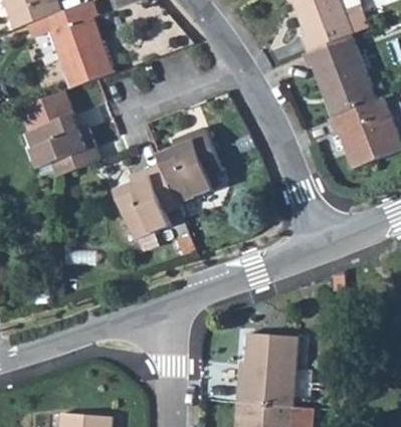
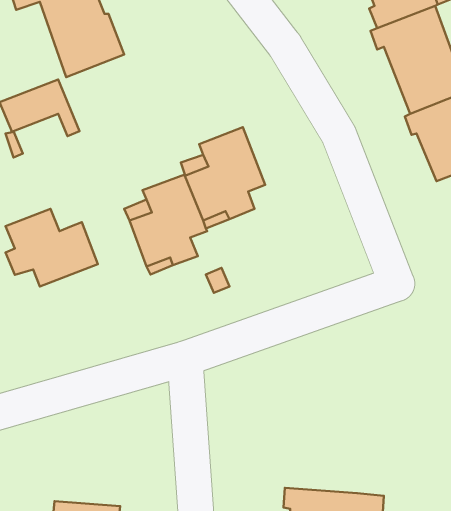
building: [30,117,101,176] -> [6,209,98,287]
building: [237,333,297,406] -> none

